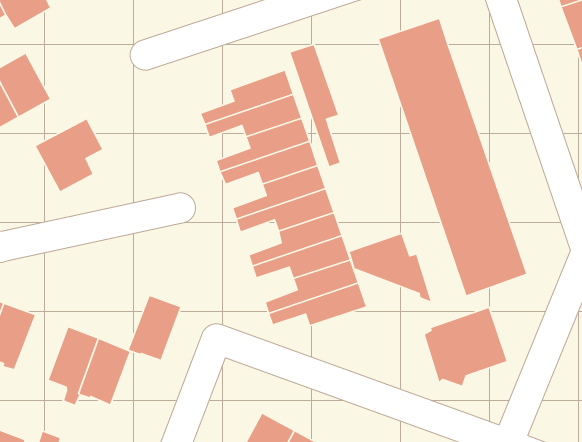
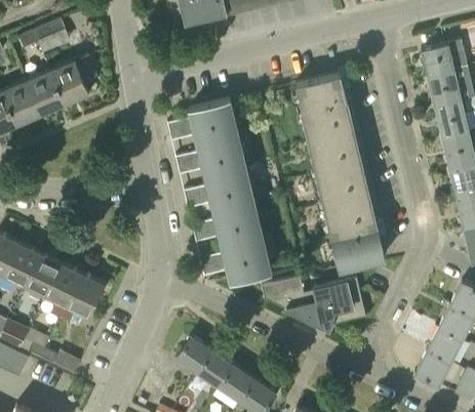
building: [290,44,342,167] -> none
building: [35,119,103,192] -> [50,55,97,105]
building: [349,233,432,303] -> [262,277,316,327]
building: [128,295,181,360] -> [22,253,62,299]

